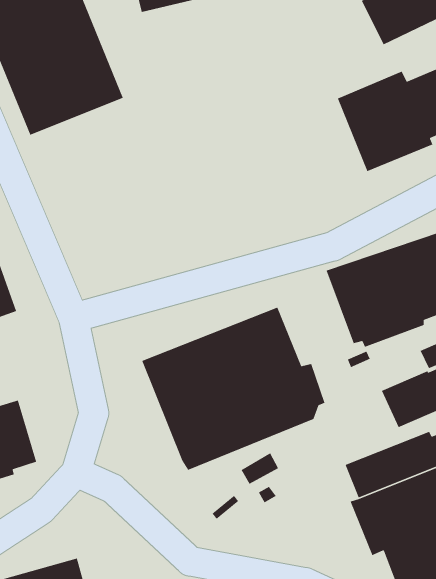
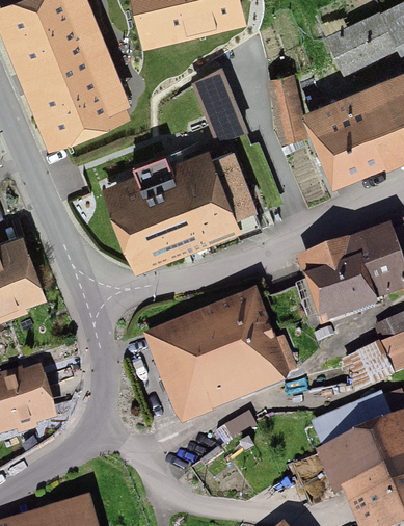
building: none -> [191,62,247,140]
building: none -> [272,79,302,134]
building: none -> [102,137,262,270]

